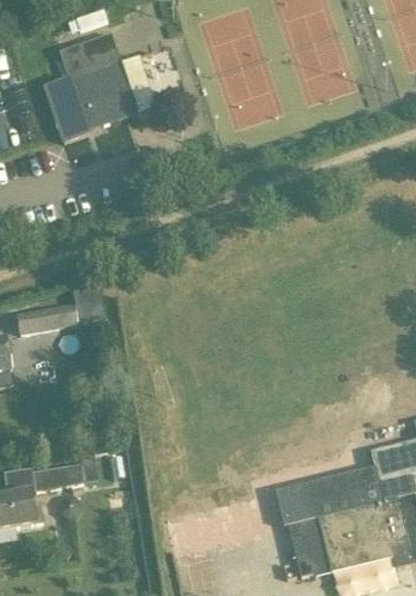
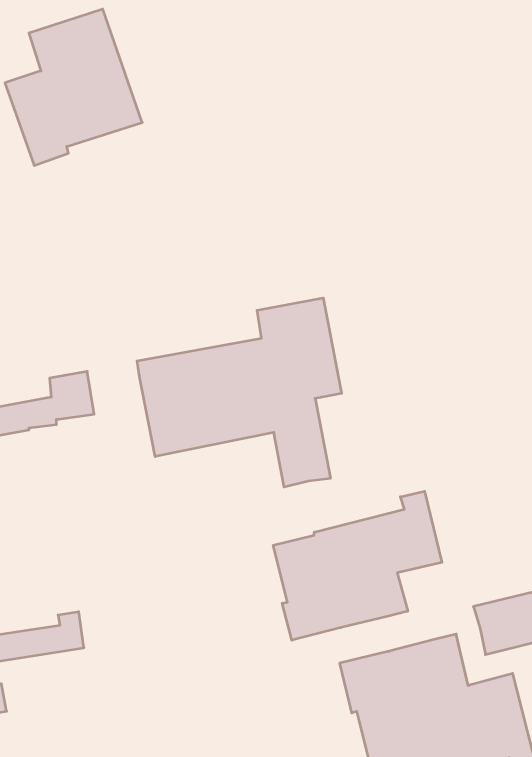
building: none -> [137,298,342,487]
building: none -> [273,491,442,640]

